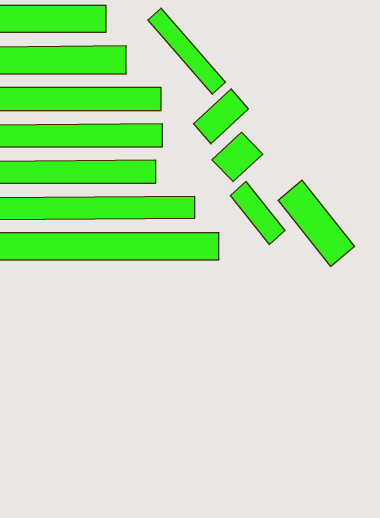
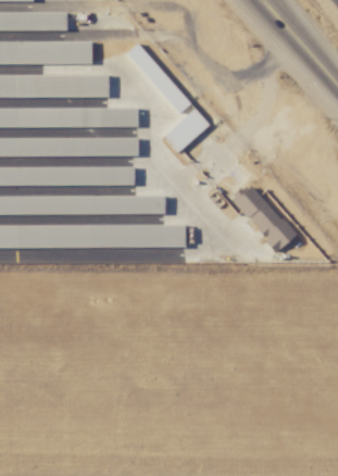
building: [212,132,263,182] -> none
building: [230,182,285,244] -> none

